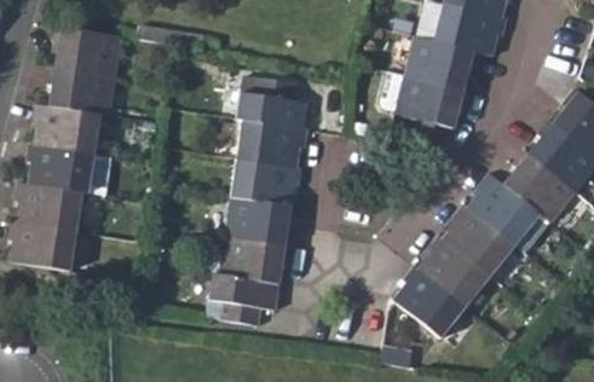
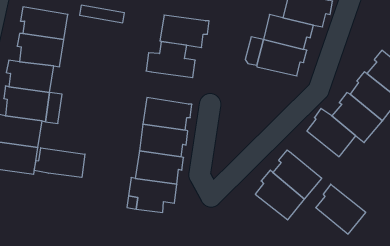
building: [236,120,307,167] -> [160,15,209,48]
building: [443,202,515,274] -> [316,184,366,234]
building: none -> [34,148,85,177]

